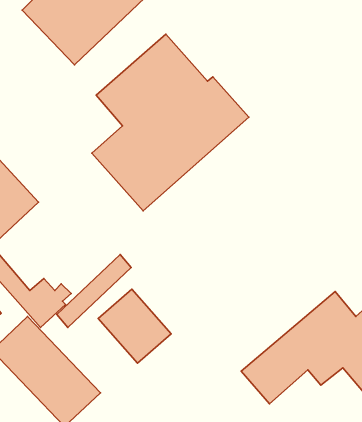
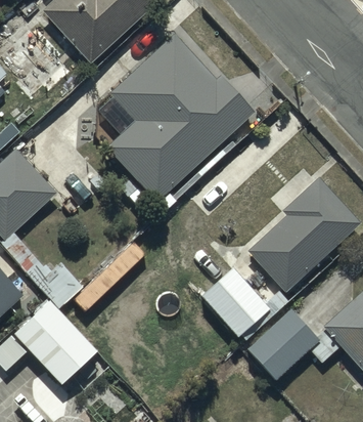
building: none -> [248,188,353,304]
building: [98,289,171,363] -> [200,265,269,335]

